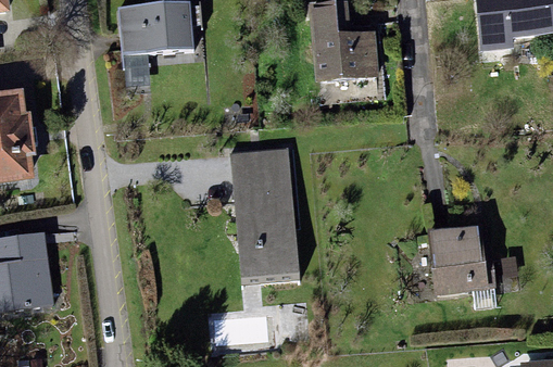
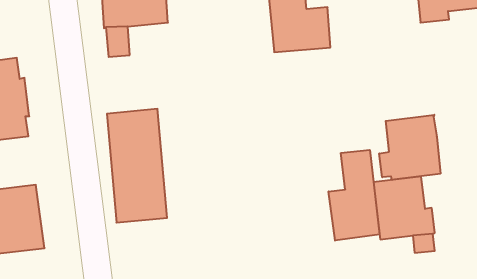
building: [230,148,299,277] -> [107,109,167,223]
building: none -> [379,115,440,180]
building: none -> [329,150,380,241]

